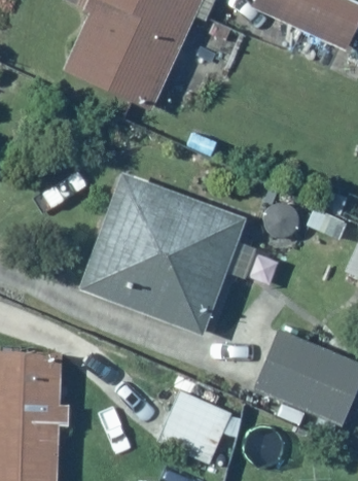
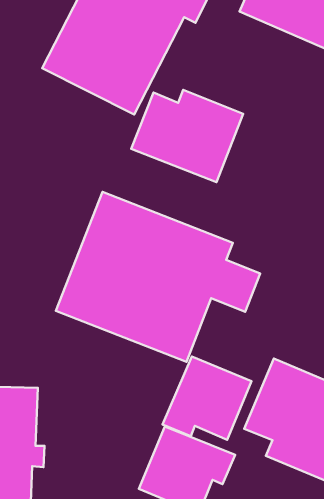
building: none -> [131,90,243,182]
building: none -> [163,356,251,440]

